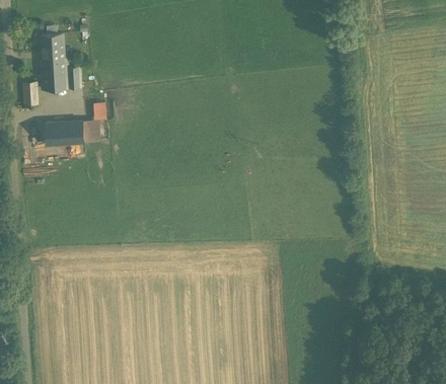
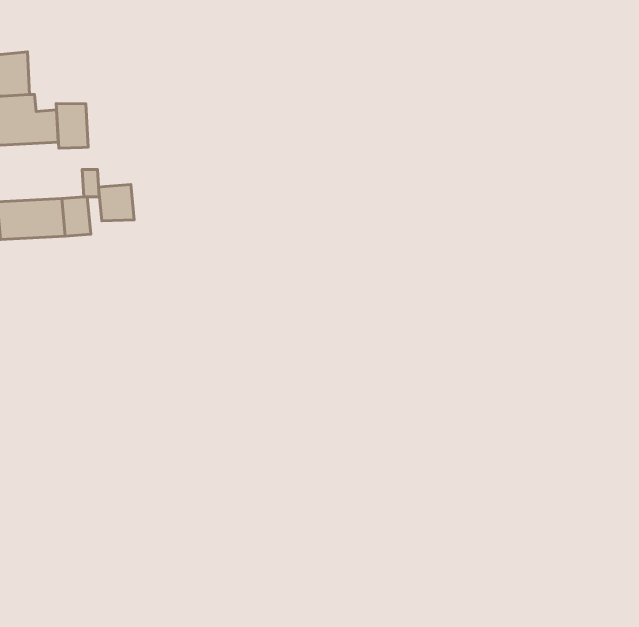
building: none -> [56,103,88,148]
building: none -> [99,185,134,221]

